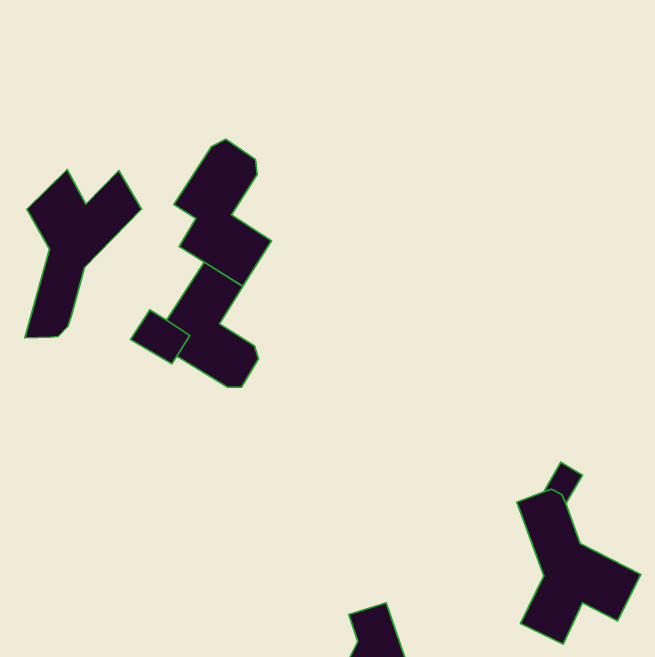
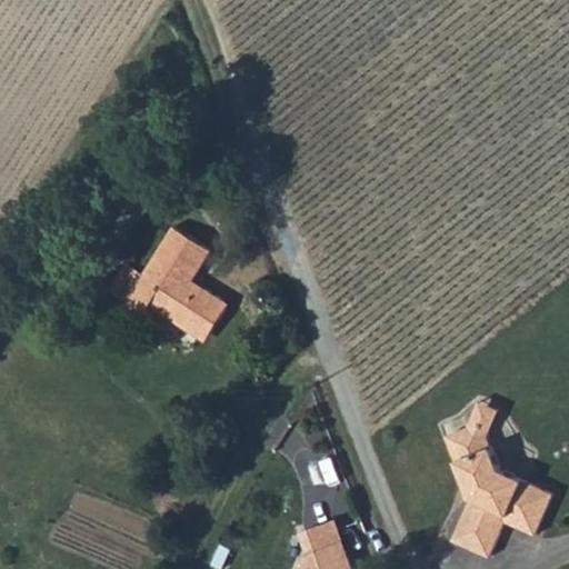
building: [174,139,271,286] -> none
building: [25,169,141,338] -> none

